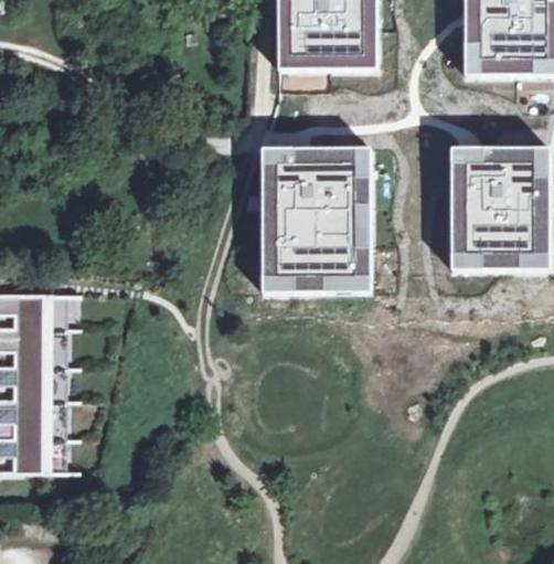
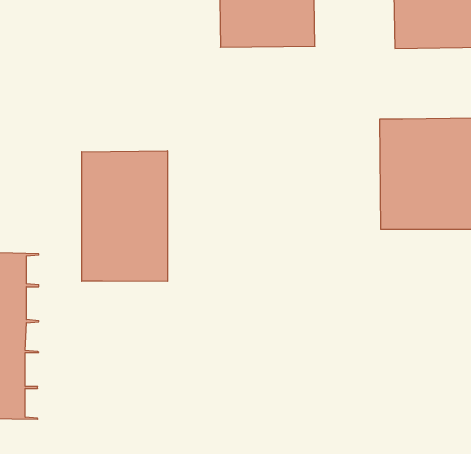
building: [262,149,371,291] -> none
building: none -> [82,151,167,281]

